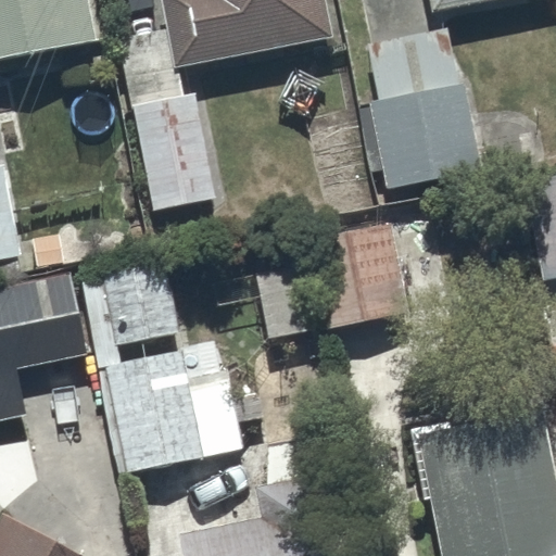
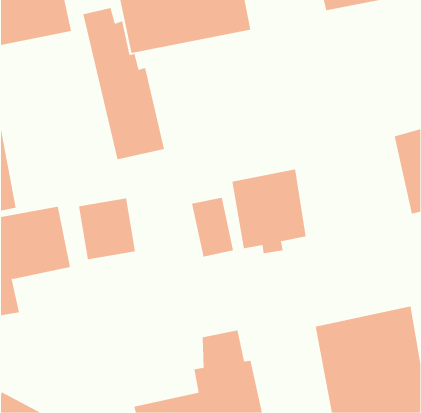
building: [355,24,481,192] -> none
building: [90,336,244,477] -> none

